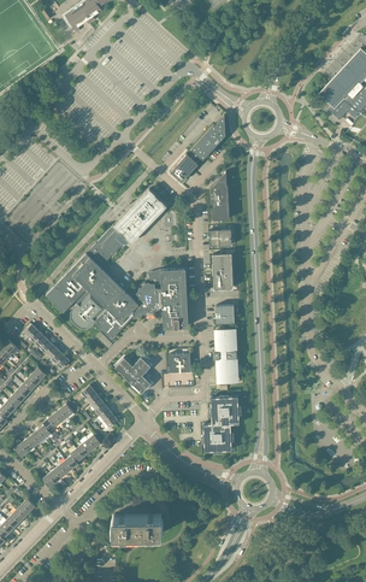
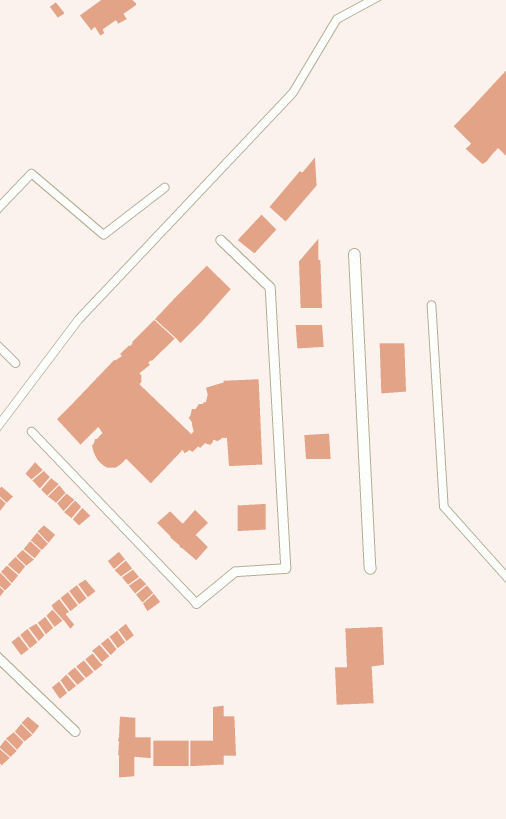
building: [213,254,232,289] -> [379,343,407,394]
building: [213,330,236,382] -> none
building: [203,396,238,451] -> [334,626,385,705]
building: none -> [117,716,151,778]

